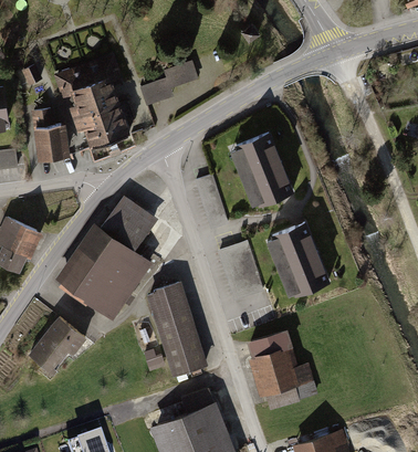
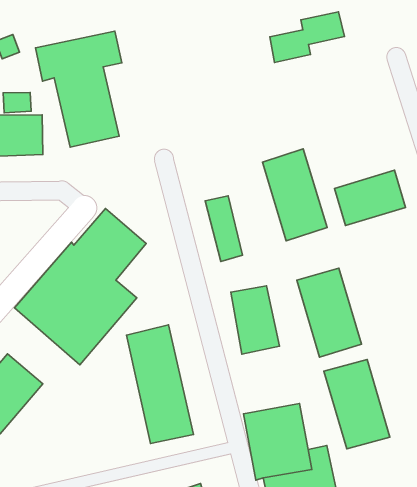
building: [144,61,202,105] -> [270,12,345,63]
building: none -> [334,170,406,226]
building: none -> [324,359,390,449]

